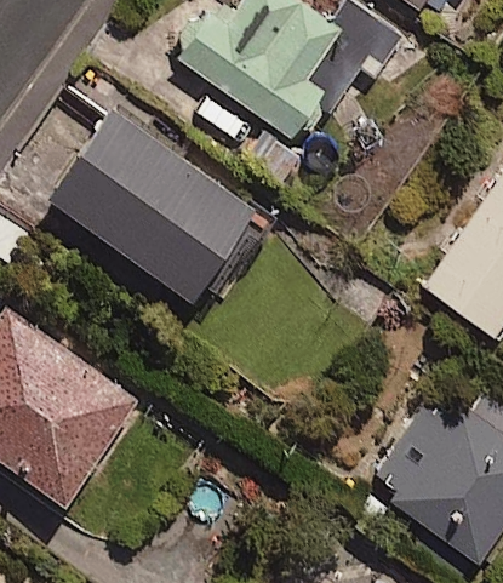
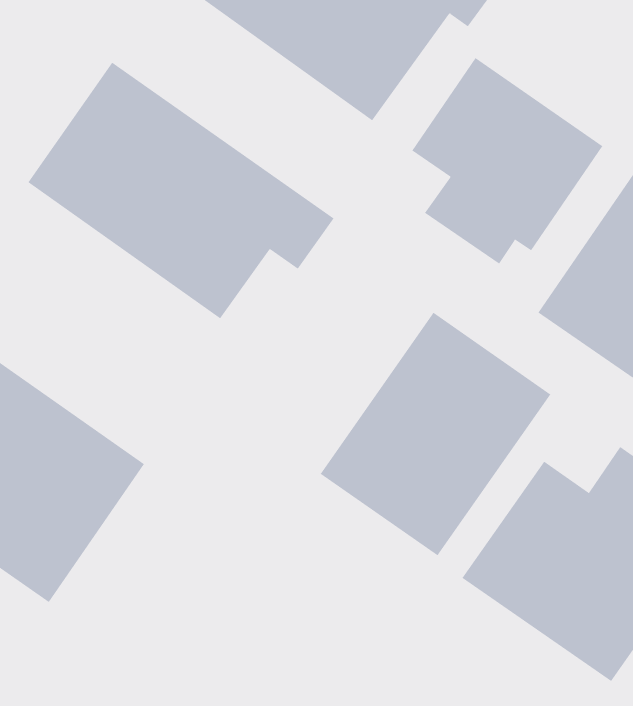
building: none -> [412,57,603,265]
building: none -> [320,312,551,556]

